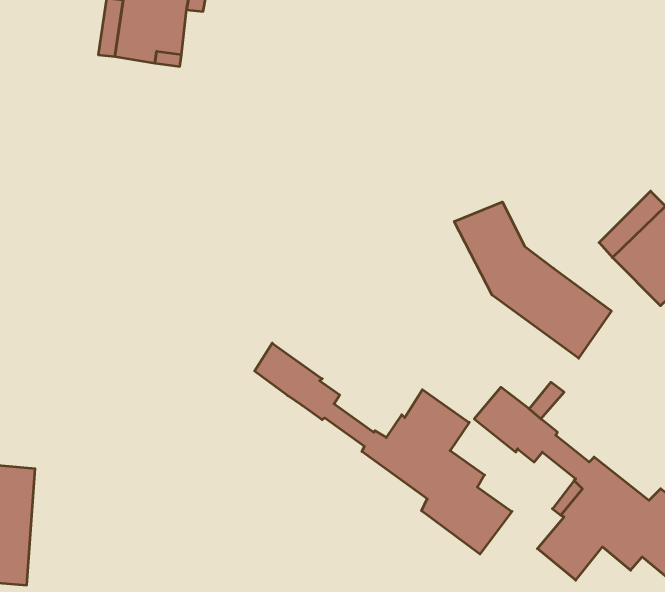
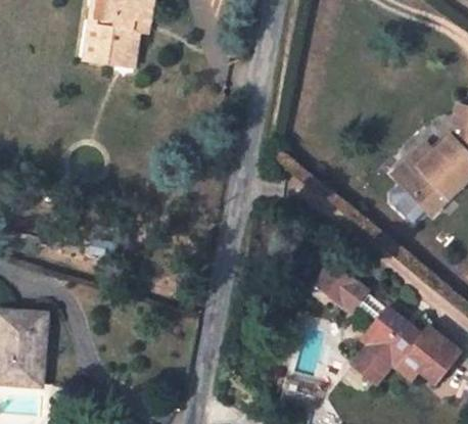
building: [454,202,611,358] -> none
building: [255,343,512,554] -> none

